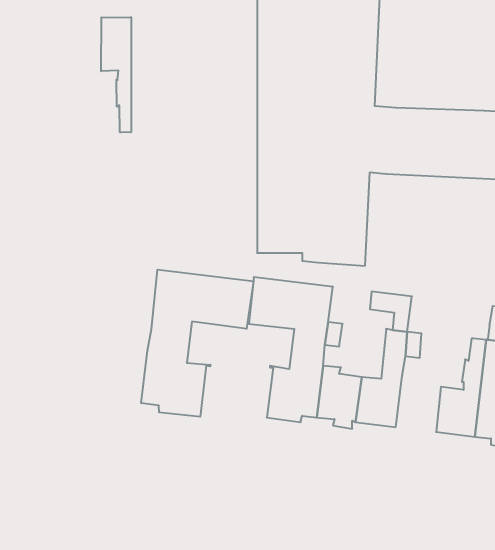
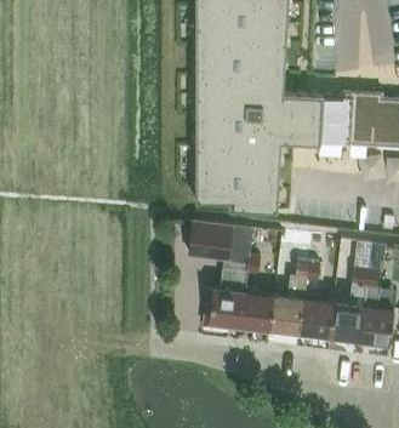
building: [101,17,131,132] -> none
building: [141,270,253,417] -> none
building: none -> [300,296,334,343]

